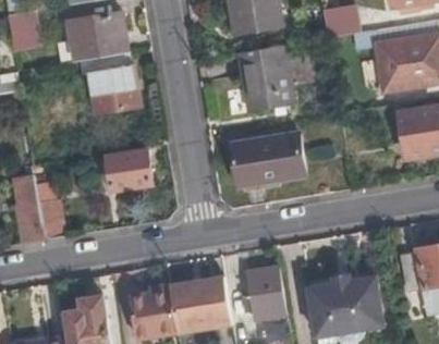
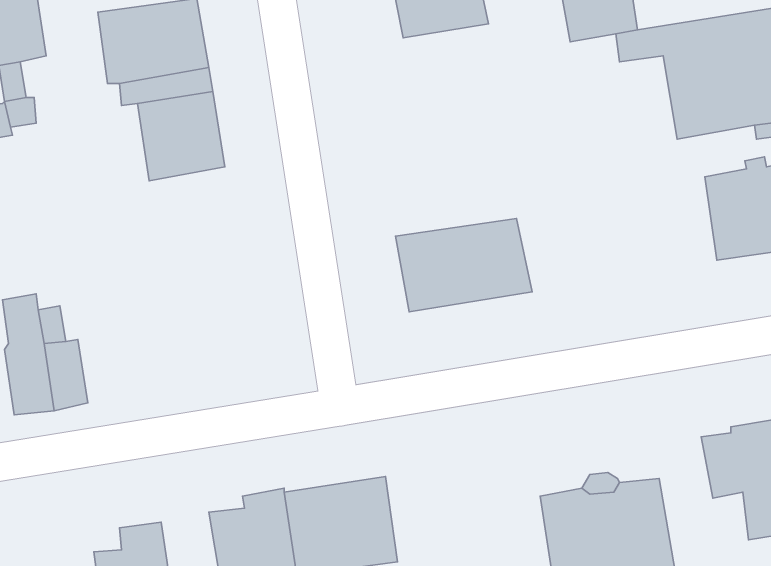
building: [236,45,293,112] -> none
building: [106,149,151,189] -> none
building: [242,267,286,318] -> none

